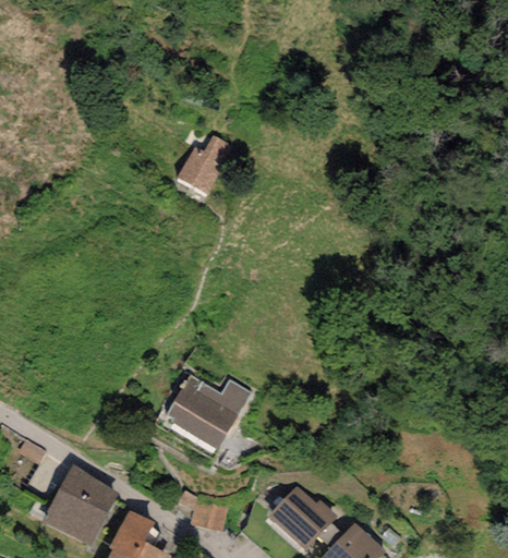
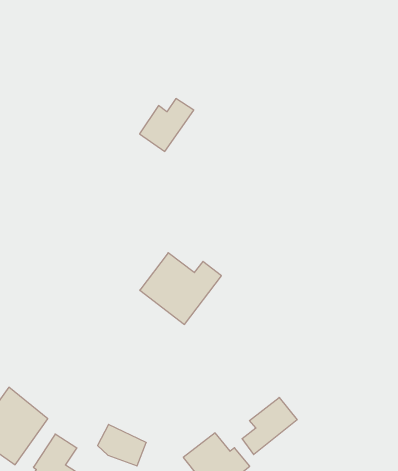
building: [166,376,251,450] -> [140,253,221,324]
building: none -> [242,397,297,455]

